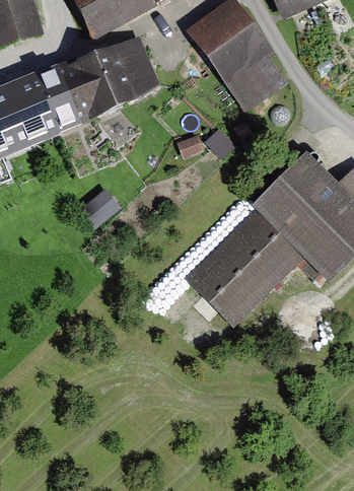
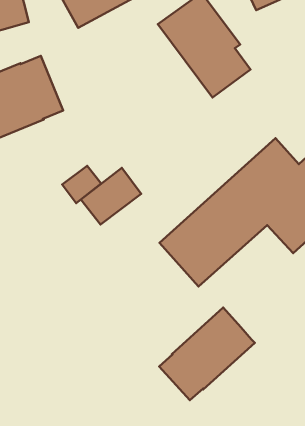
building: [55,36,157,125] -> none
building: none -> [81,168,141,224]
building: none -> [159,308,255,400]

